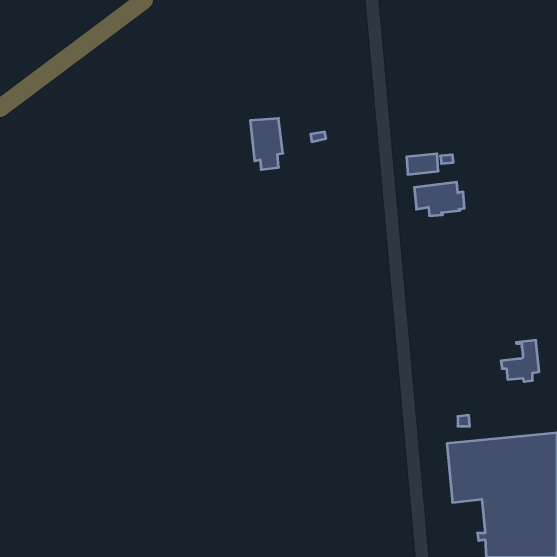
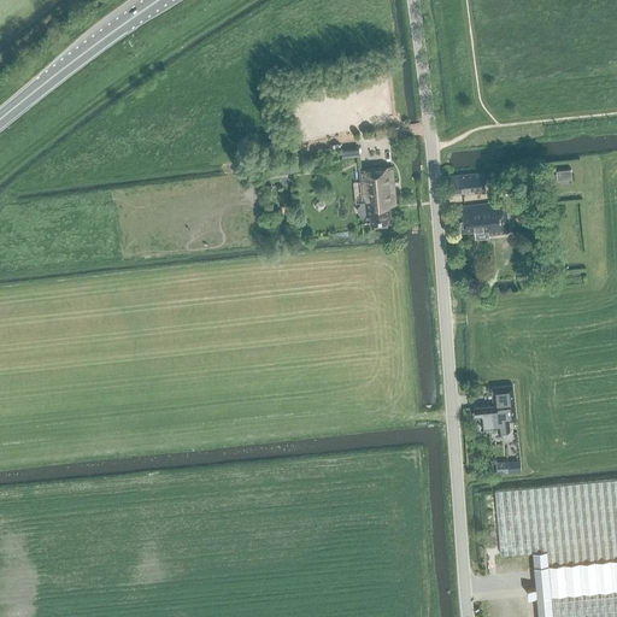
building: [250,118,283,170] -> [359,168,395,224]
building: [501,340,539,382] -> [474,386,516,431]

